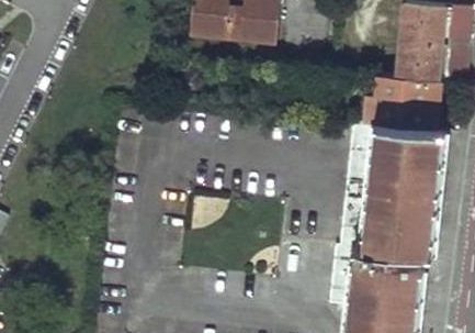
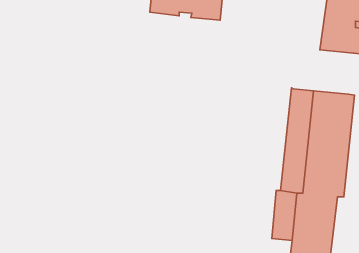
building: [366,70,441,127] -> none

